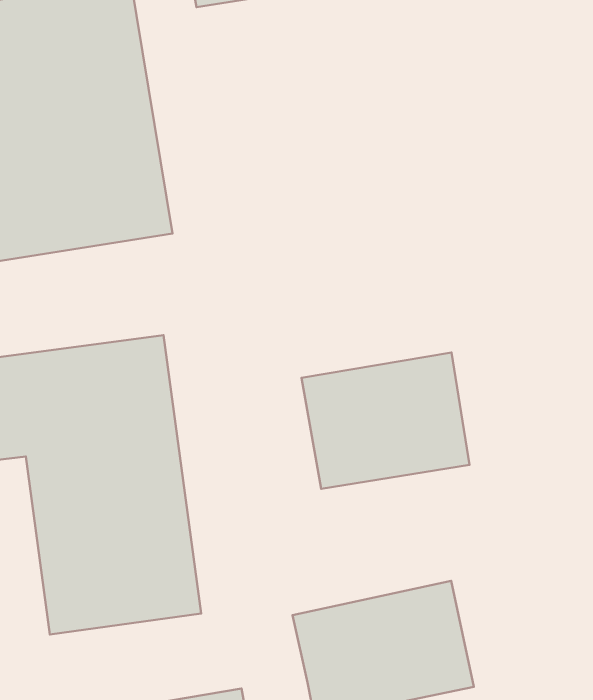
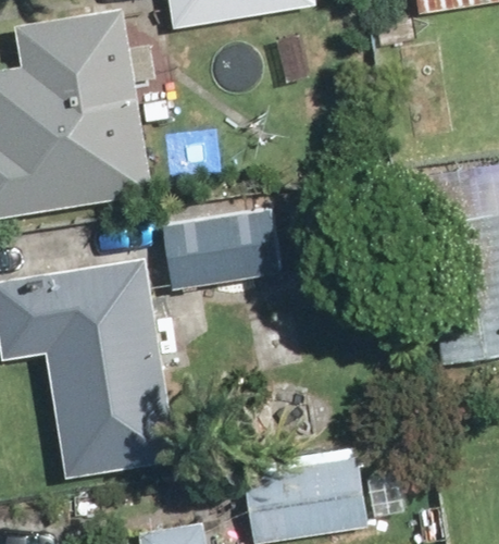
building: [302,353,469,489] -> [159,197,280,296]

